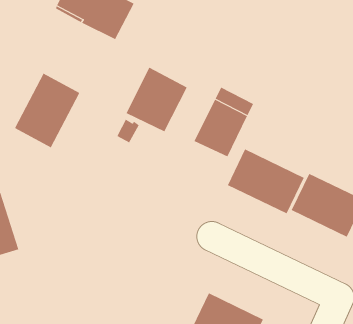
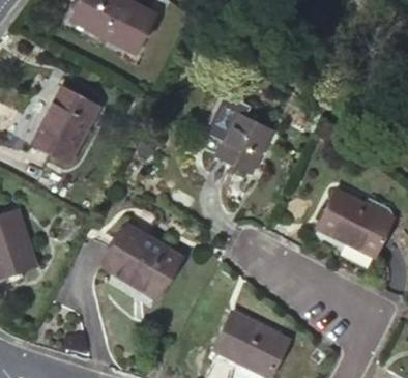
building: [126,67,188,132] -> none
building: [227,149,304,214] -> none
building: none -> [103,224,182,299]

